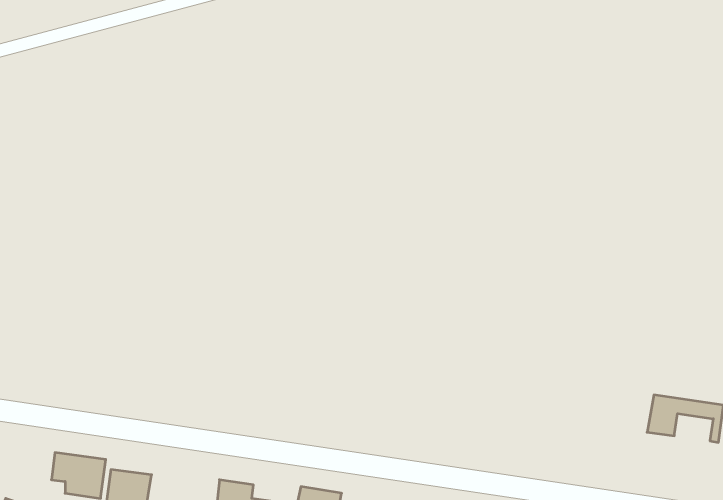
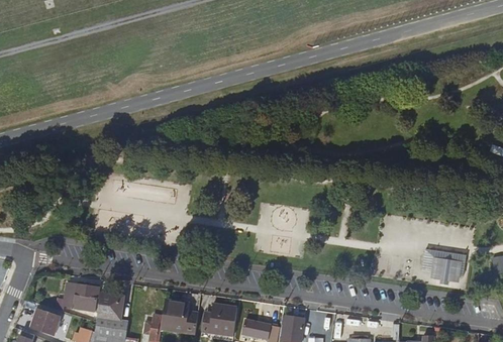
building: none -> [434,259,459,283]

